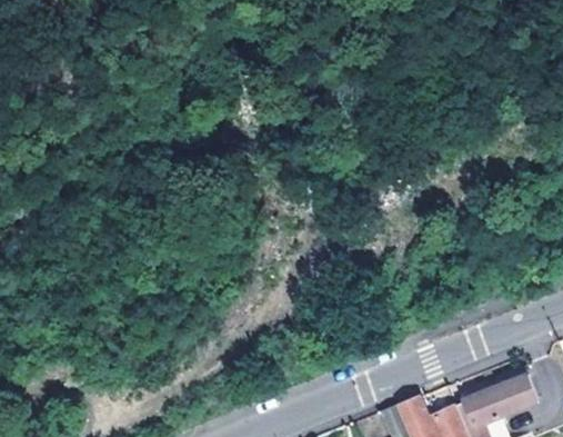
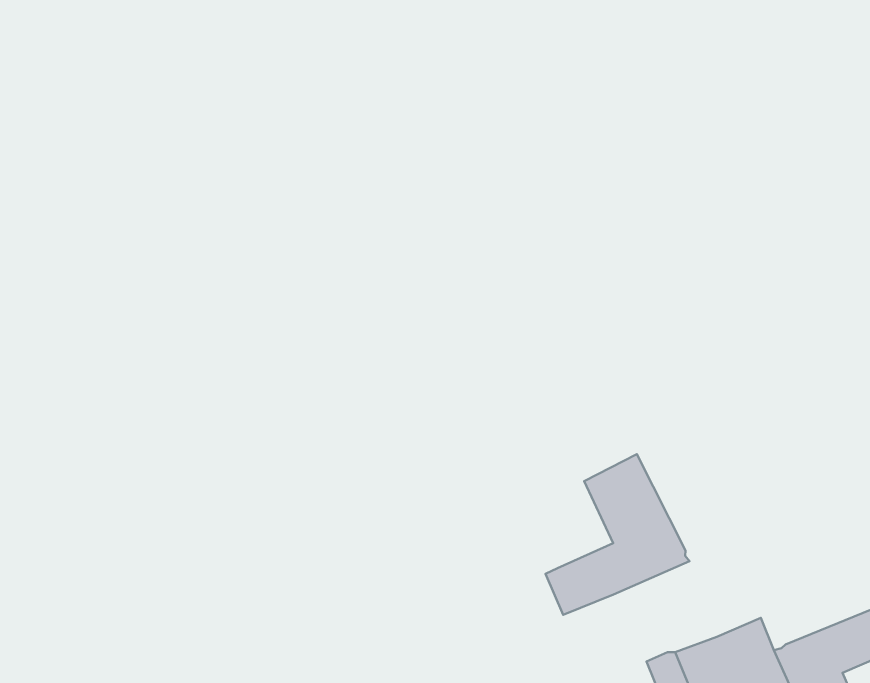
building: none -> [546,454,689,615]

